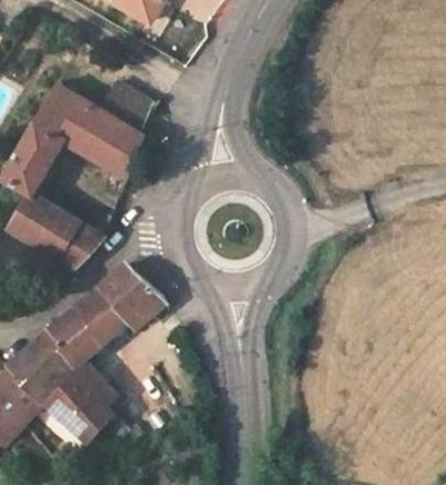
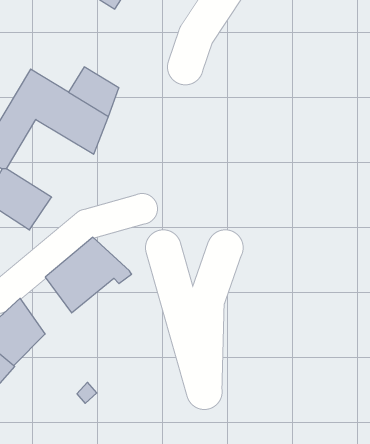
building: [57,222,102,267] -> none
building: [47,307,101,367] -> none
building: [44,364,122,442] -> none

